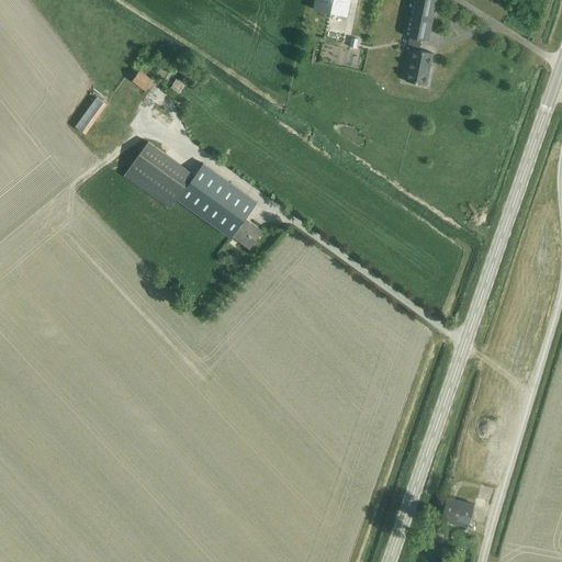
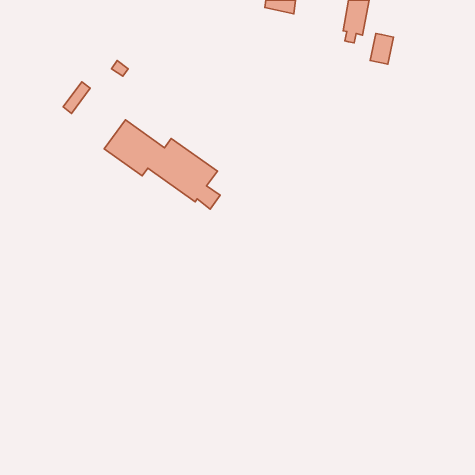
building: [405,49,432,86] -> [370,33,393,64]
building: [440,497,474,528] -> none

